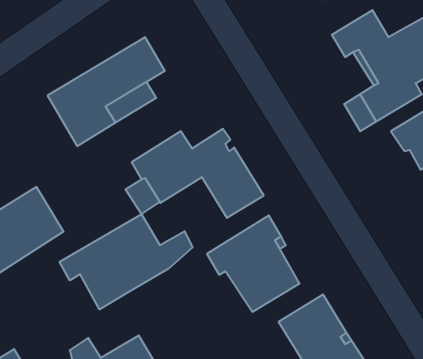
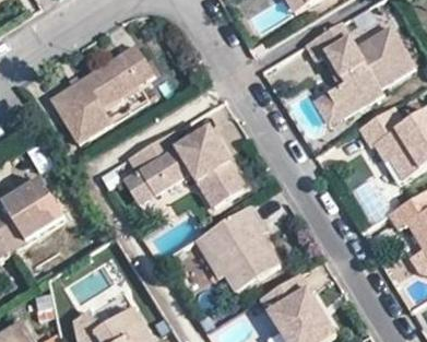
building: [60,214,192,309] -> none

